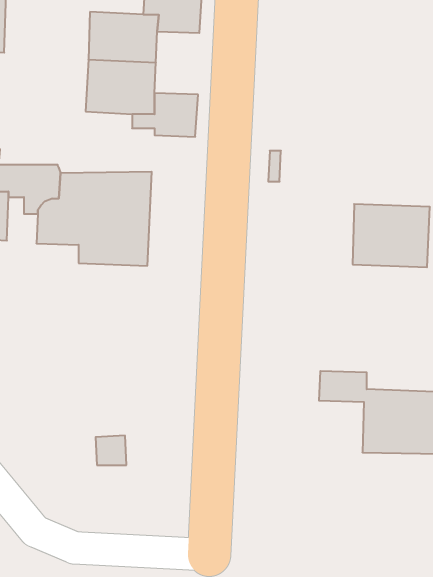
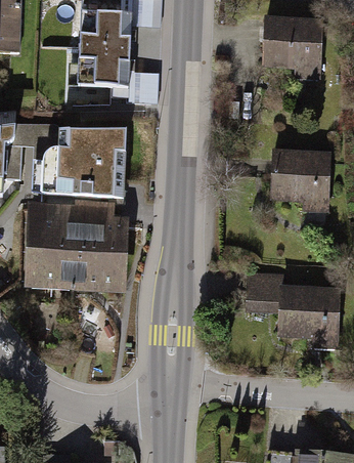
building: none -> [264,19,320,67]
building: none -> [32,204,122,288]

